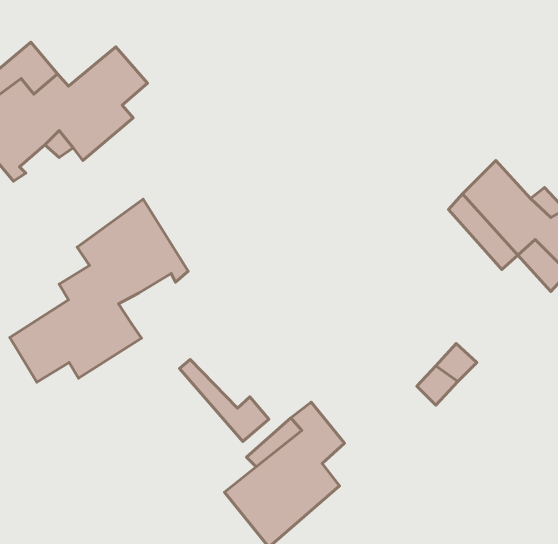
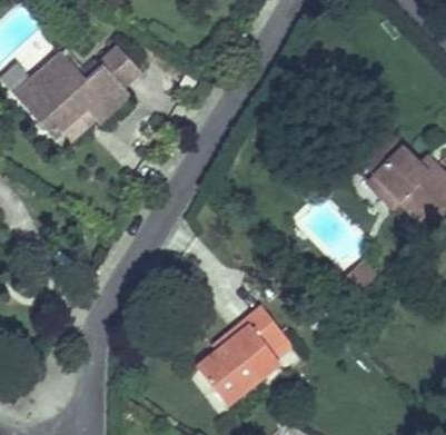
building: [10,199,188,382] -> none
building: [180,360,269,442] -> none

